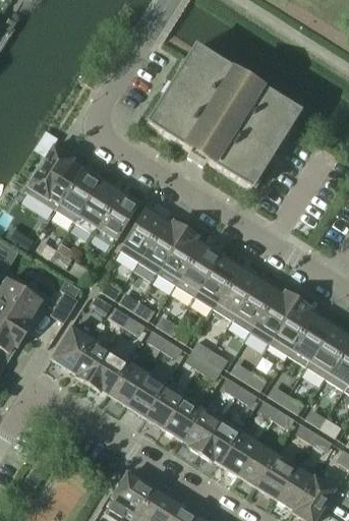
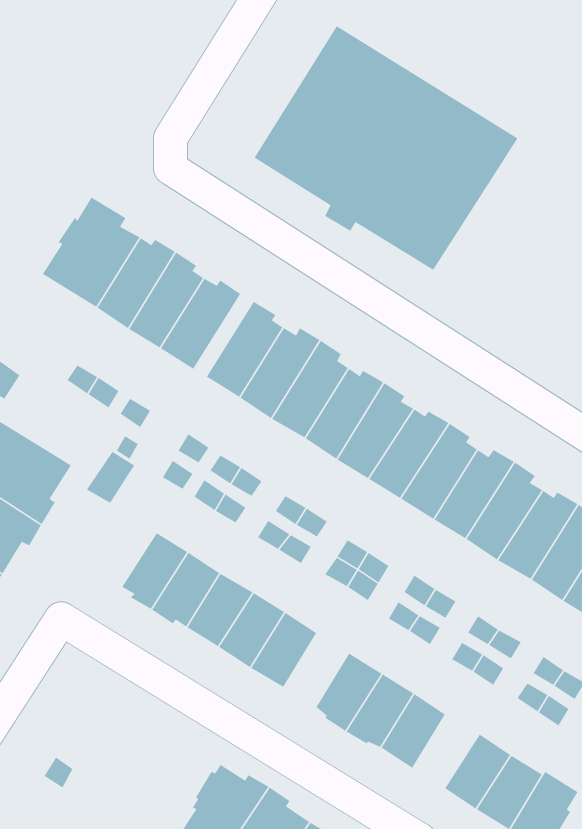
building: [51,327,91,370] -> none
building: [164,397,201,440] -> none
building: [238,444,277,486] -> none

